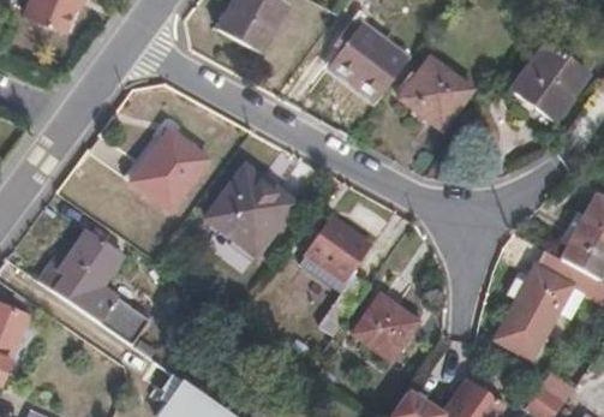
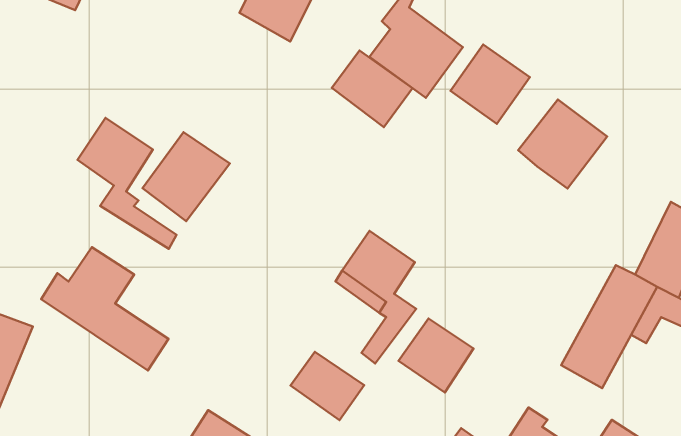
building: [512,40,590,118] -> [518,99,607,188]
building: none -> [332,51,412,127]
building: none -> [77,118,177,249]
building: [204,169,292,255] -> none
building: none -> [291,352,364,420]

